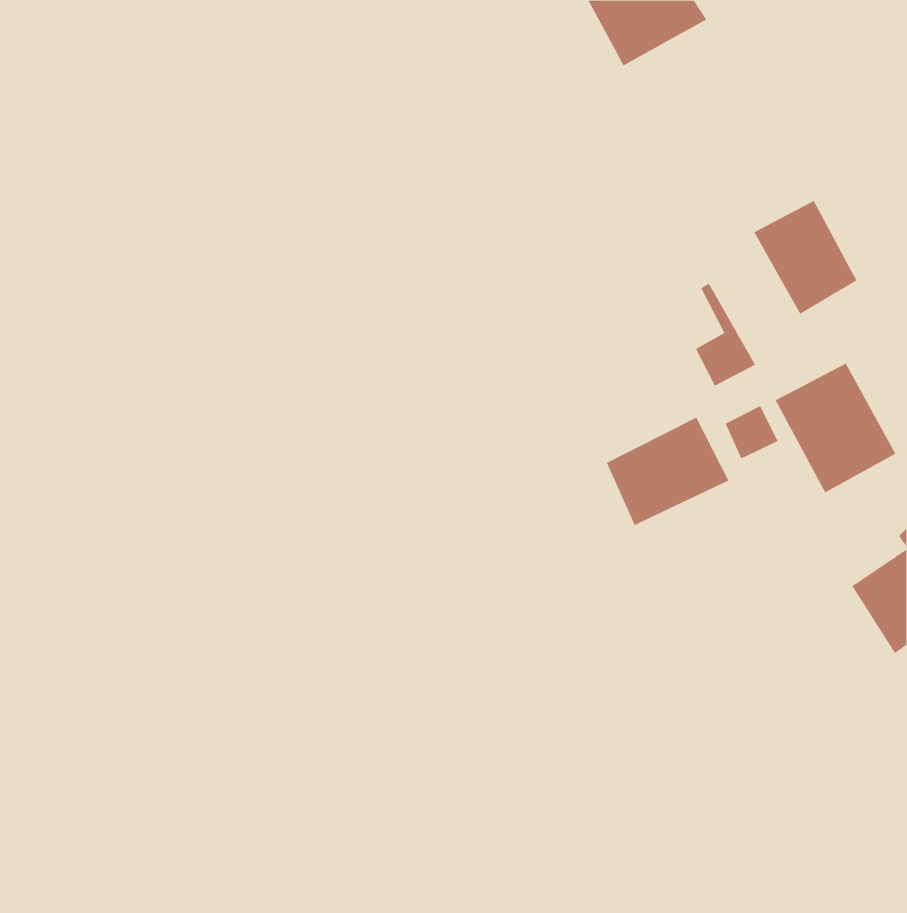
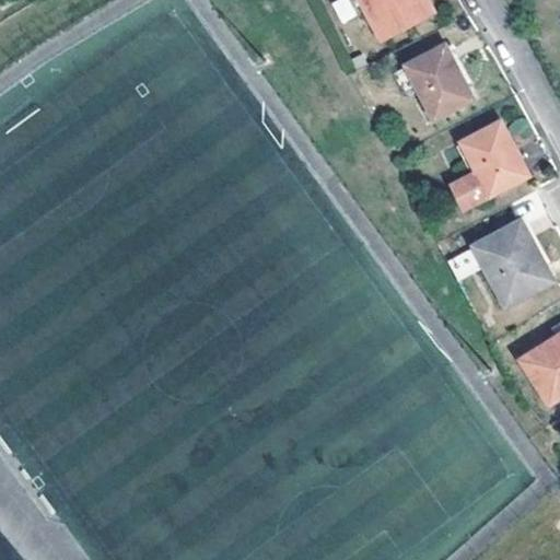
building: none -> [407,47,469,116]
building: [695,283,756,386] -> [453,142,490,206]
building: [606,417,729,526] -> none

